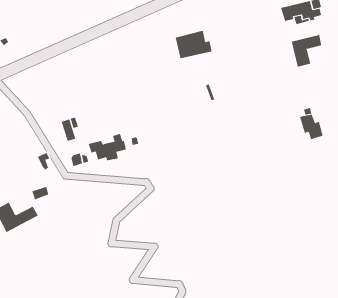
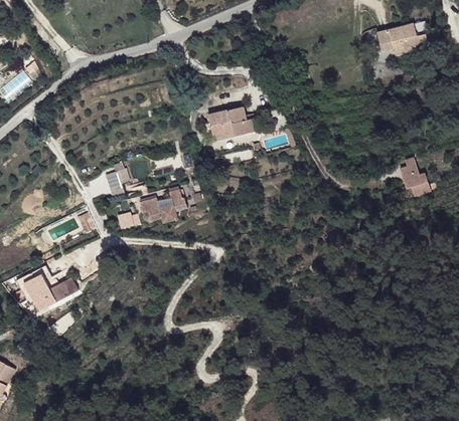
building: [175,30,213,59] -> [207,106,254,141]
building: [291,34,322,67] -> none

